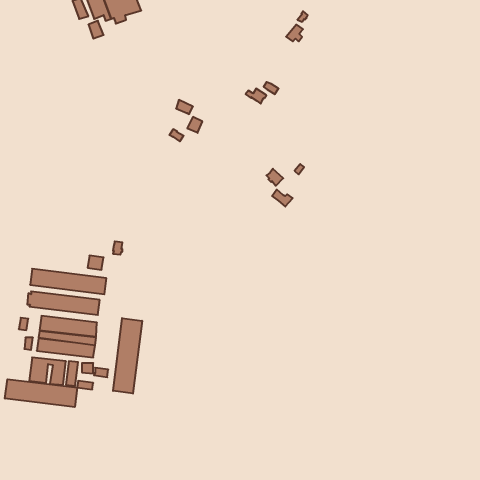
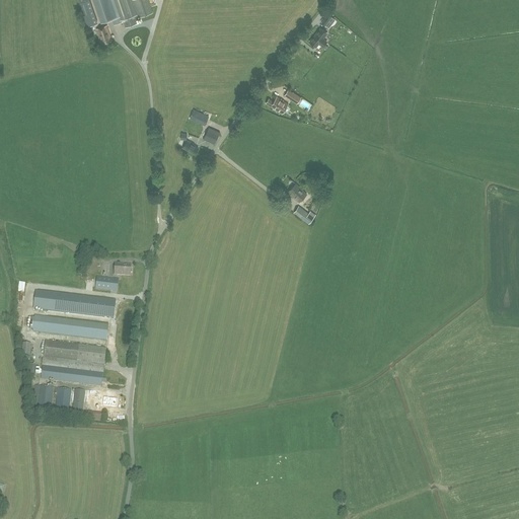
building: [113,318,142,394] -> none
building: [5,379,77,407] -> none

